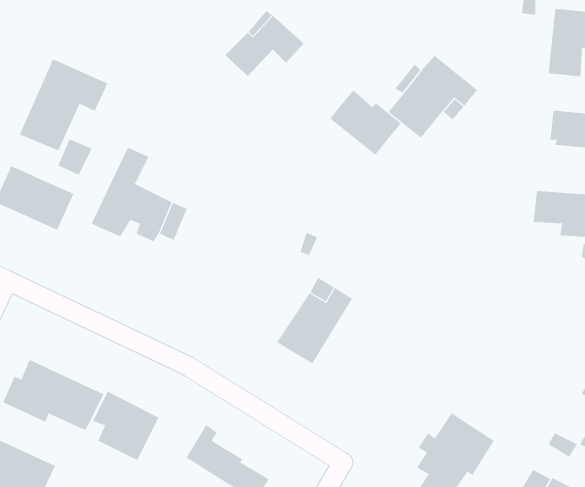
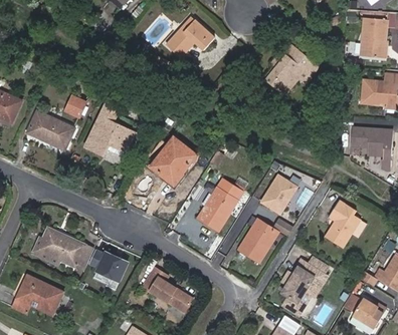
building: [19,59,108,151] -> none
building: [329,89,401,156] -> none
building: none -> [154,137,197,185]
building: none -> [255,173,295,216]
building: none -> [321,200,364,249]
building: none -> [237,219,278,263]

